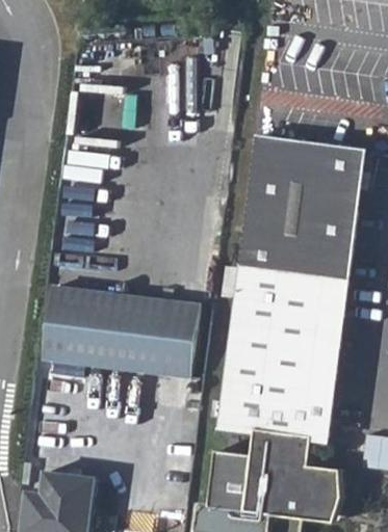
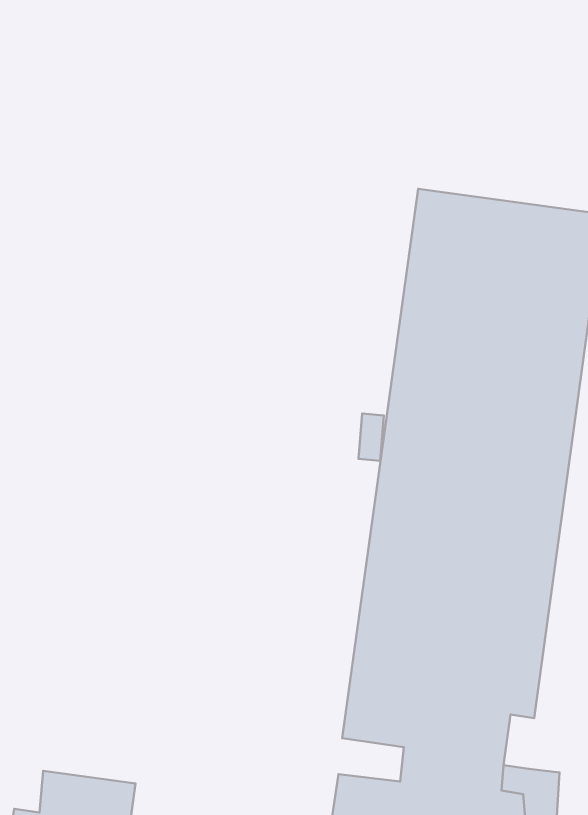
building: [42,285,197,378] -> none

